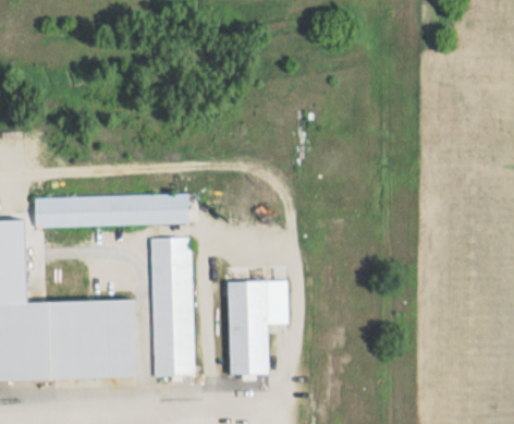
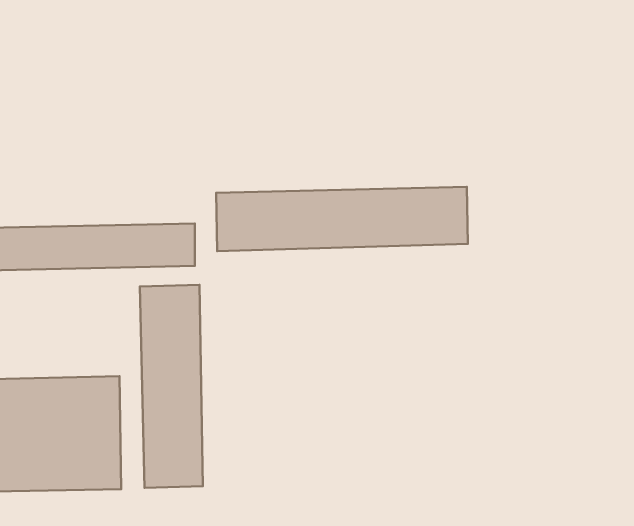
building: none -> [216,187,468,251]
building: [228,279,287,375] -> none

